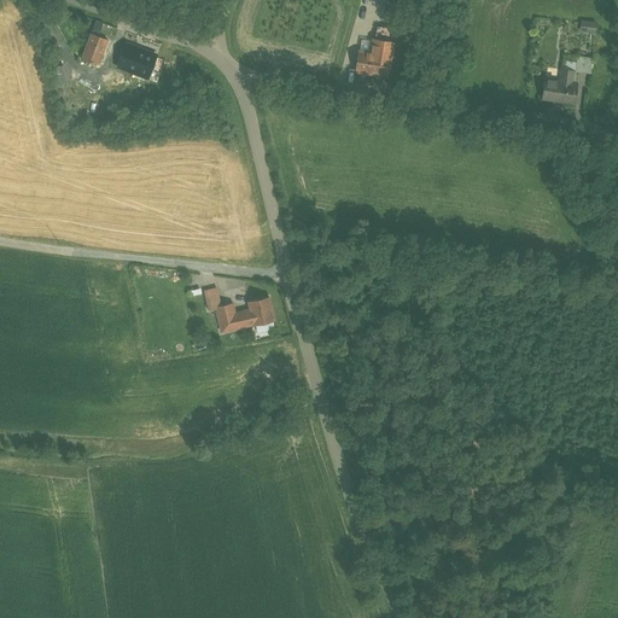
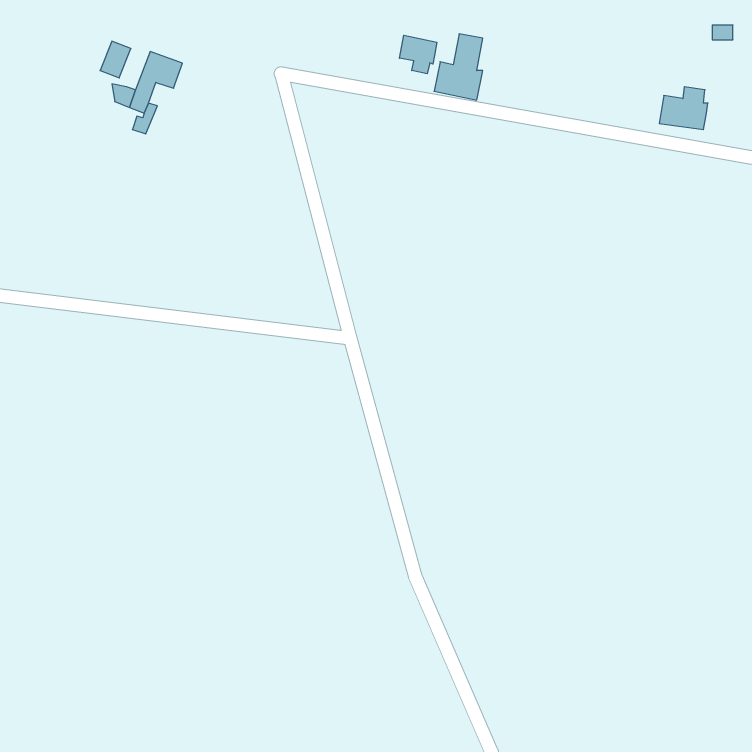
building: none -> [399,35,437,74]
building: [216,296,274,332] -> none

